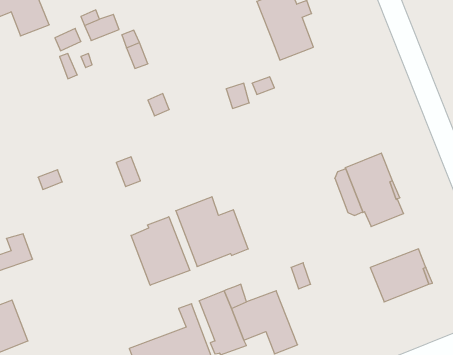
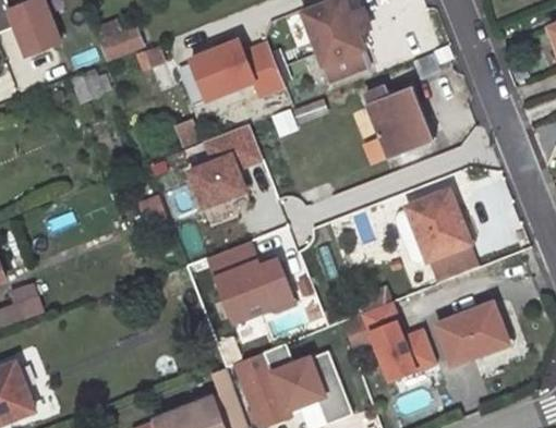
building: none -> [190,39,281,99]
building: none -> [365,87,430,157]
building: none -> [190,125,259,208]
building: [131,217,190,285] -> none
building: none -> [364,301,437,380]

